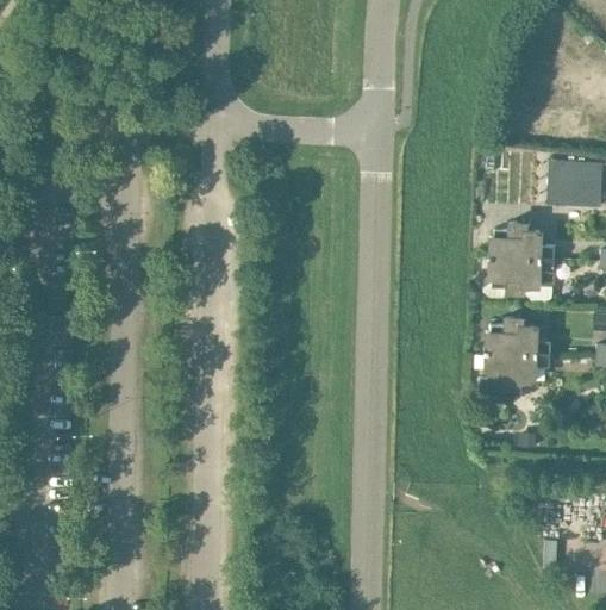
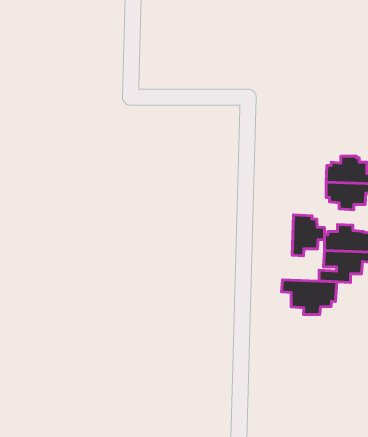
building: none -> [292,215,324,256]
building: none -> [282,280,337,315]

